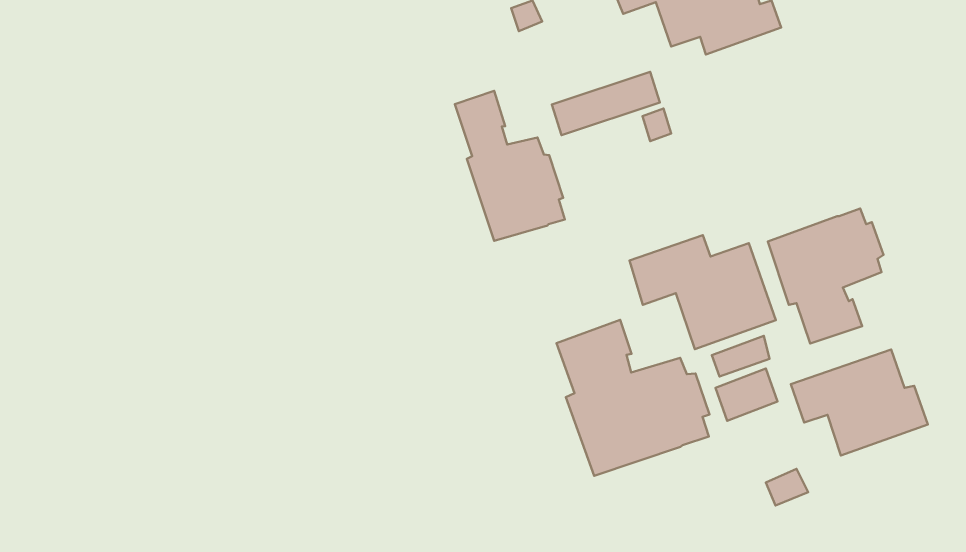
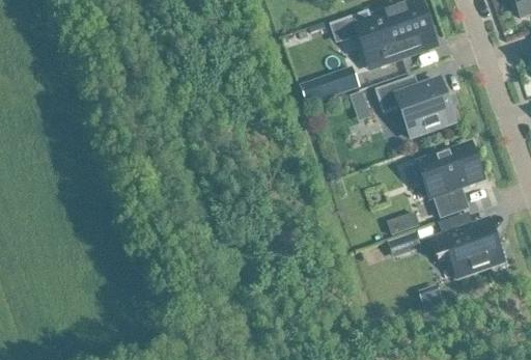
building: [455,91,565,241] -> none
building: [629,235,776,349] -> [375,76,454,137]
building: [556,320,710,476] -> none

